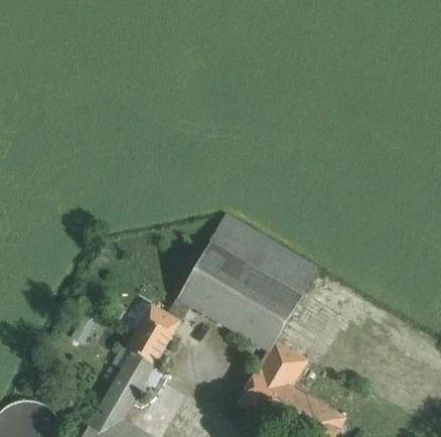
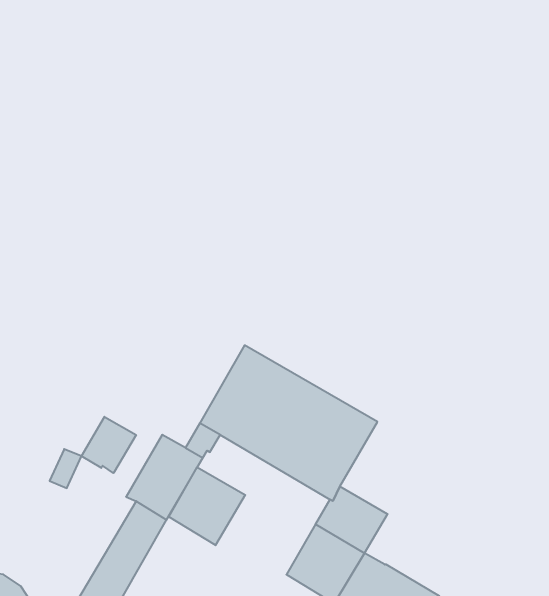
building: [206,211,318,298] -> none
building: none -> [81,417,136,473]
building: none -> [169,467,245,545]

